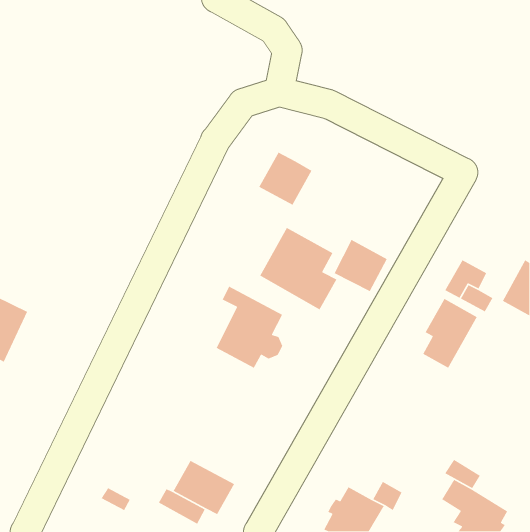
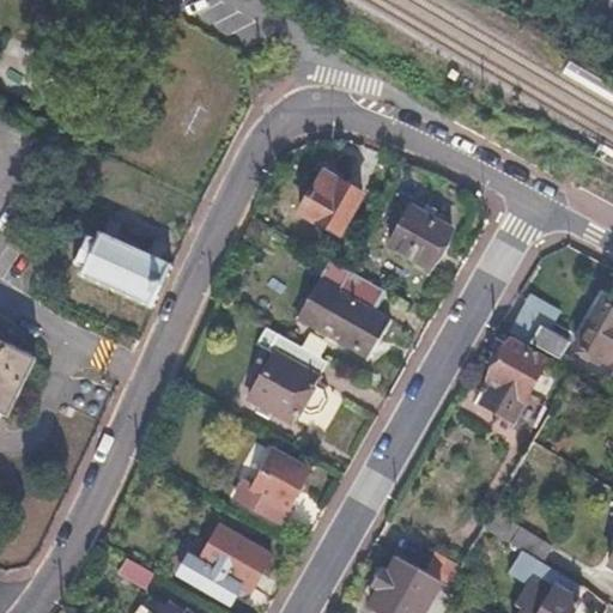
building: none -> [80,235,168,303]
building: [333,239,388,292] -> [386,207,448,268]
building: none -> [233,449,309,522]

